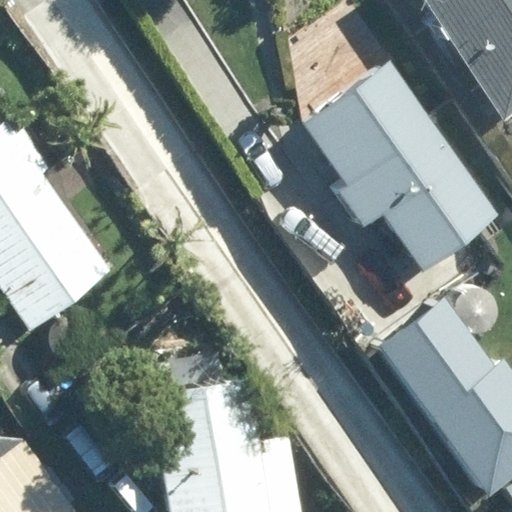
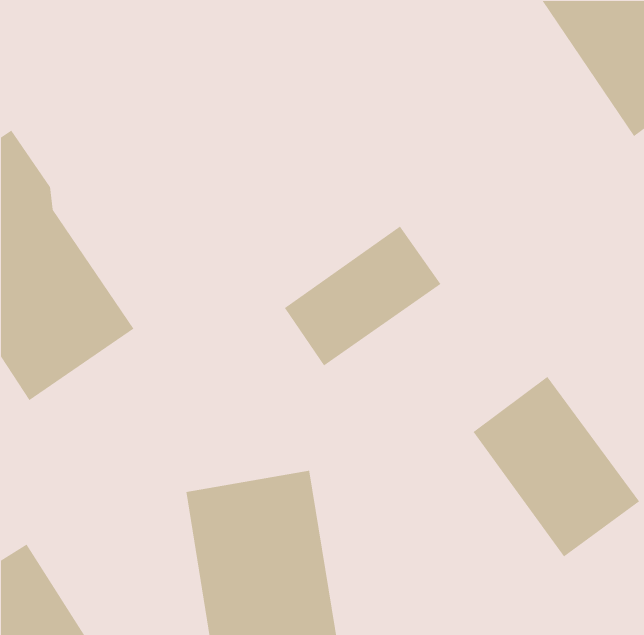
building: [303,63,499,269] -> none
building: none -> [284,226,441,366]

